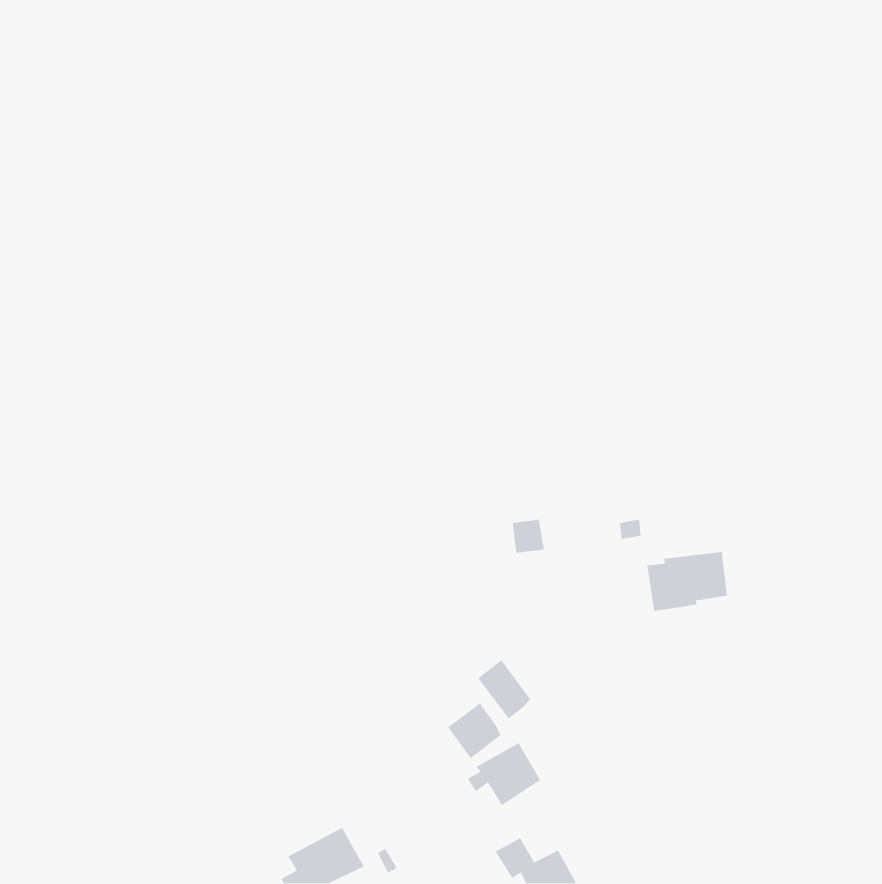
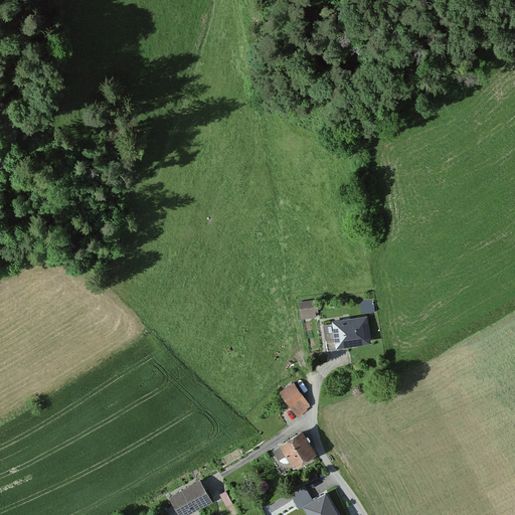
building: [646,551,728,612] -> [323,318,370,353]
building: [447,702,502,759] -> none

